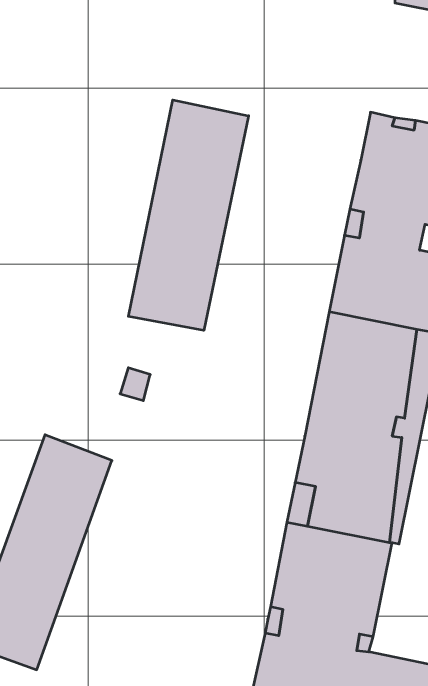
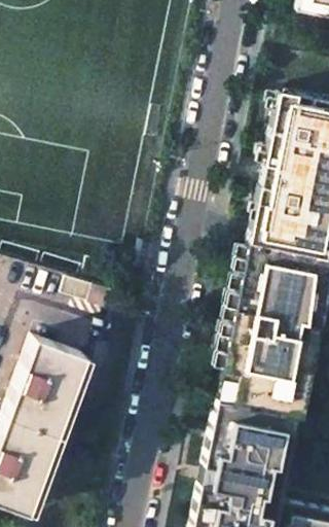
building: [128,100,249,330] -> none

